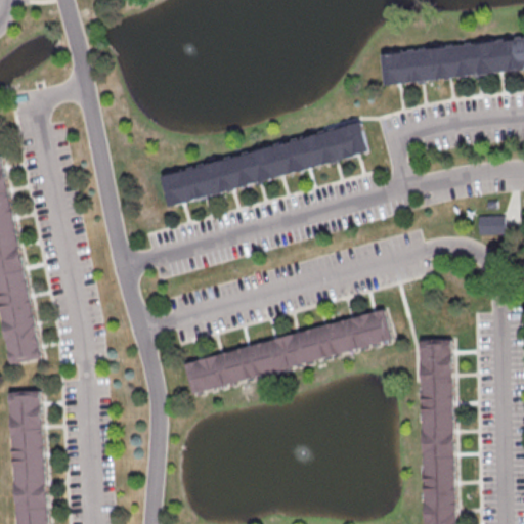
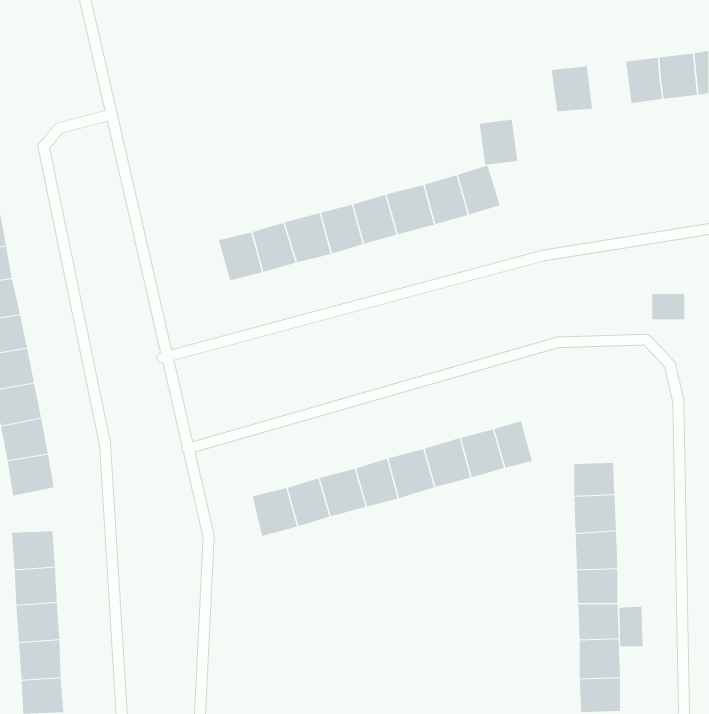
building: [430,45,462,80] -> none
building: [379,51,407,85] -> [479,119,518,165]
building: none -> [619,606,643,647]

